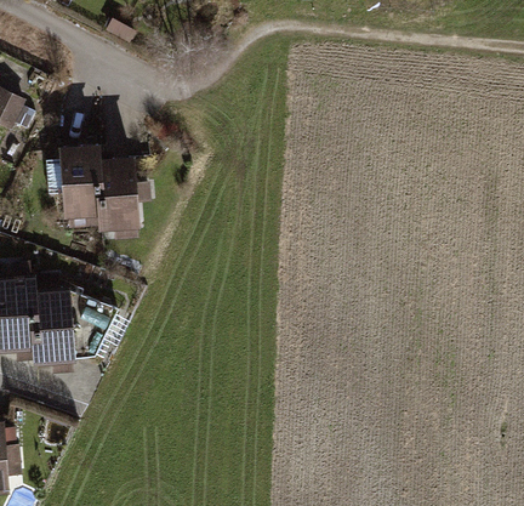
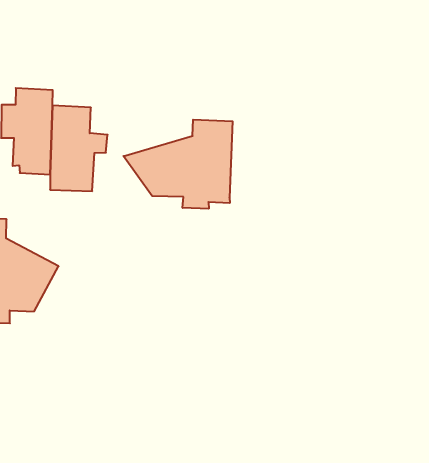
building: none -> [123,120,233,209]

